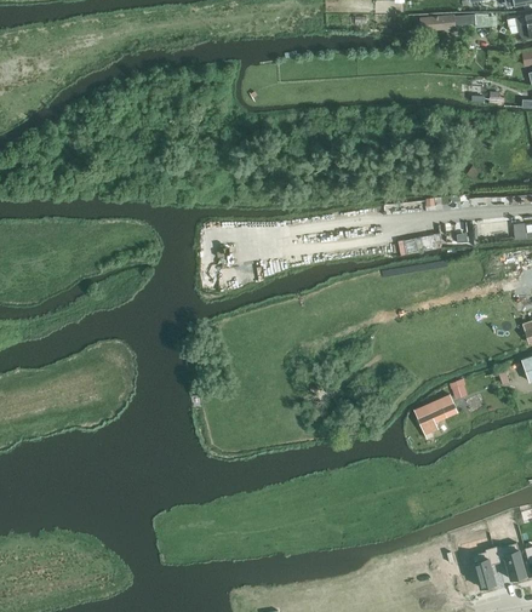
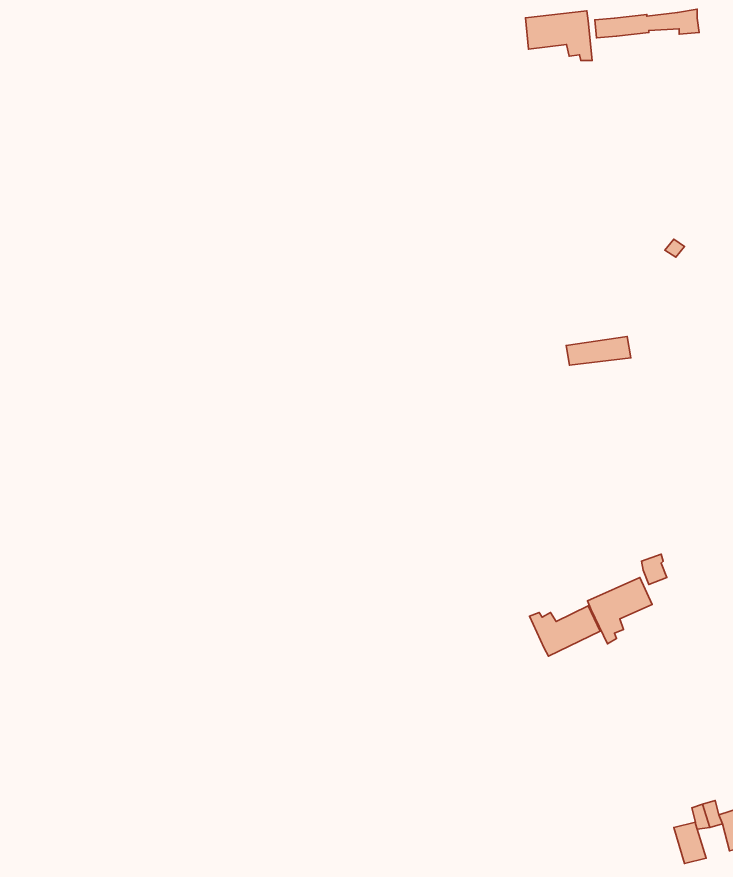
building: none -> [526,11,592,61]
building: none -> [529,606,600,656]

